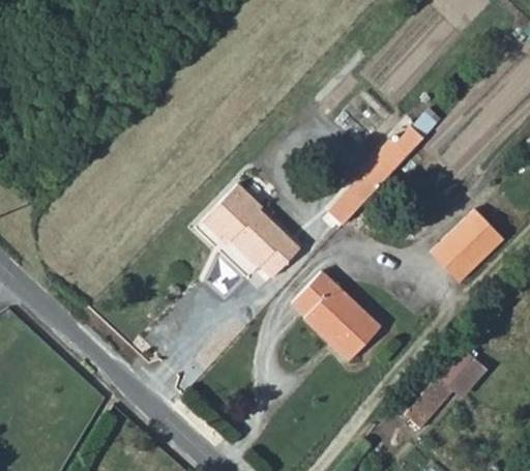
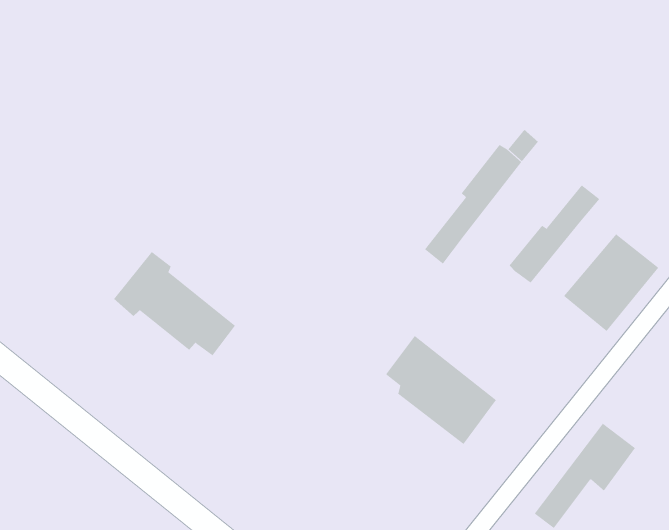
building: none -> [509,184,600,284]
building: [203,188,294,270] -> [113,251,236,356]

